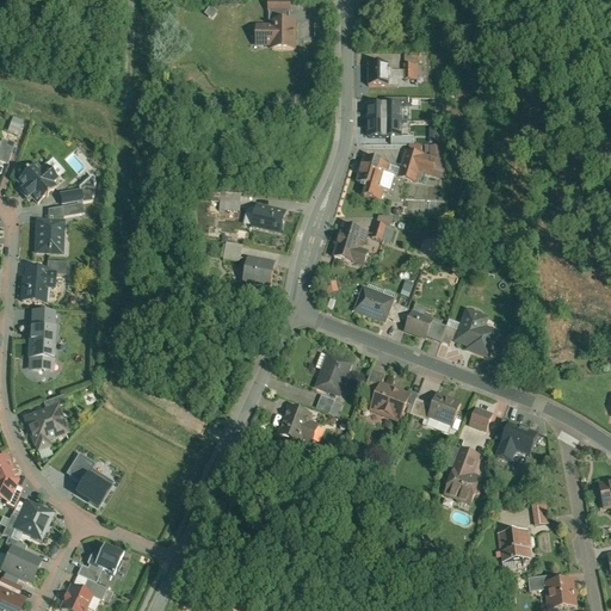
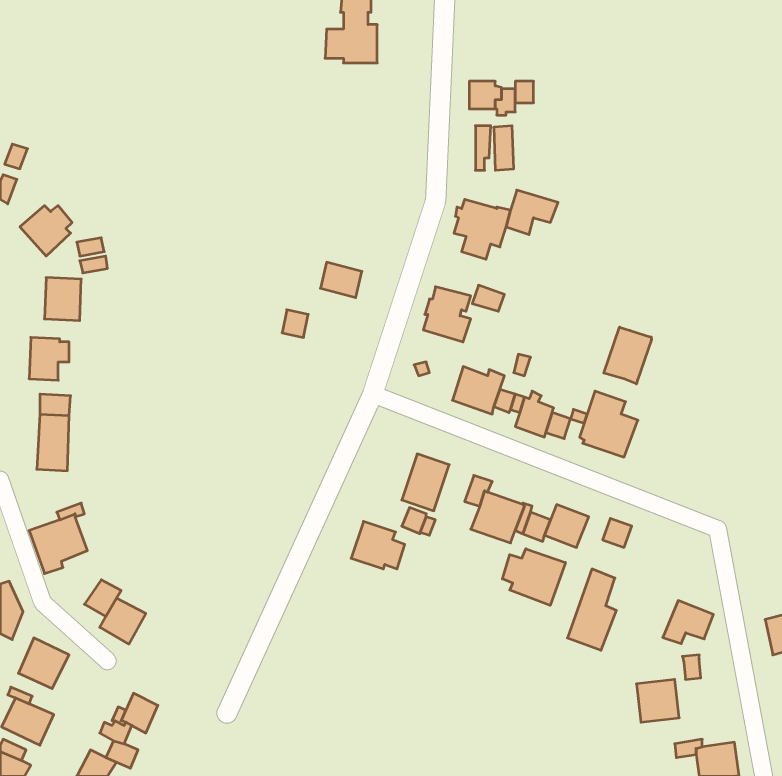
building: [241,254,273,288] -> none
building: none -> [604,327,651,384]
building: [499,420,538,453] -> [663,601,713,644]
building: none -> [502,549,565,605]

